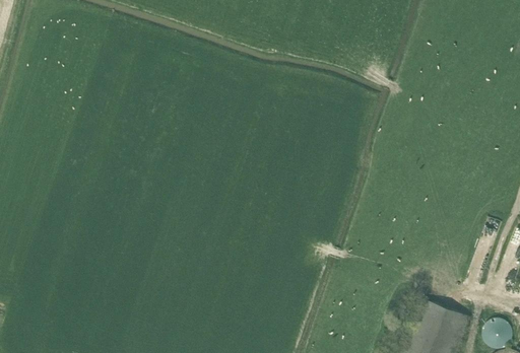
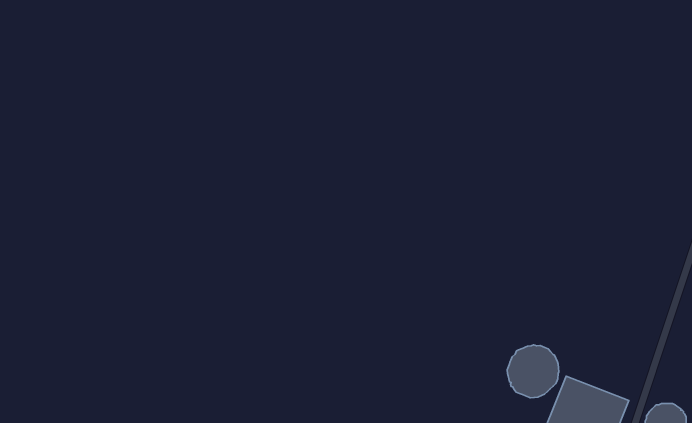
building: none -> [507,345,559,398]

